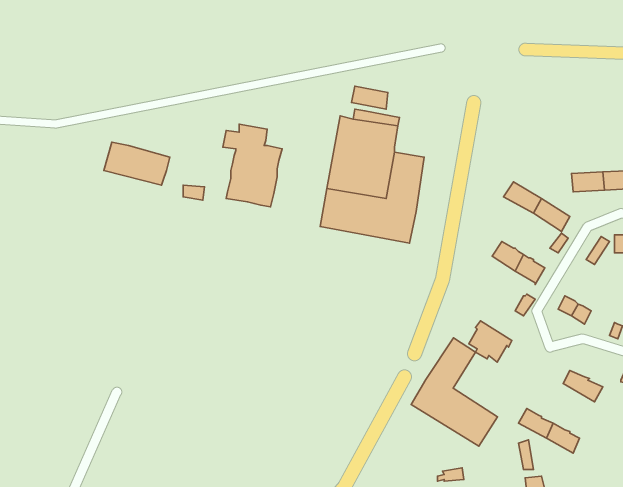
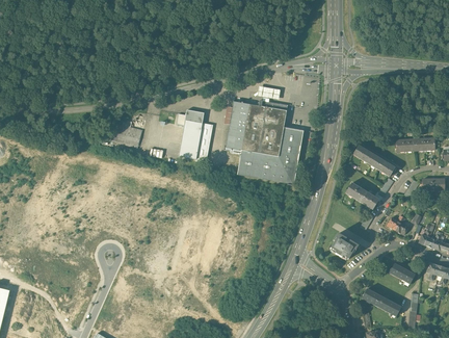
building: none -> [226,101,249,150]
building: [411,338,497,446] -> none

